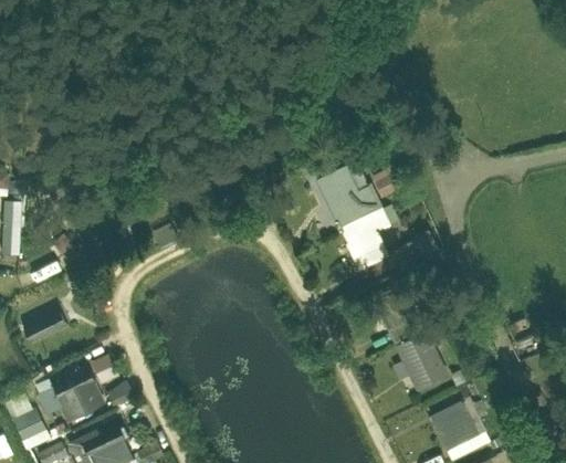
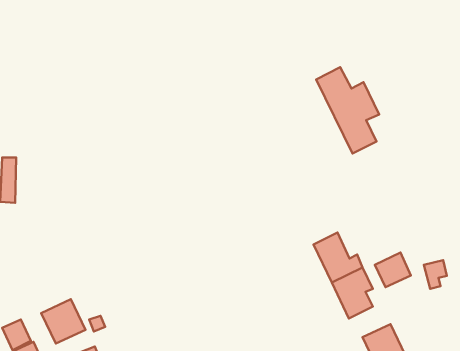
building: [322,167,397,270] -> [316,67,379,153]
building: [19,307,65,348] -> none
building: none -> [375,252,411,287]

